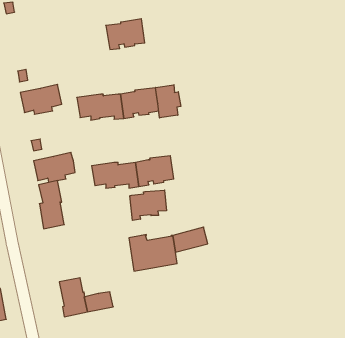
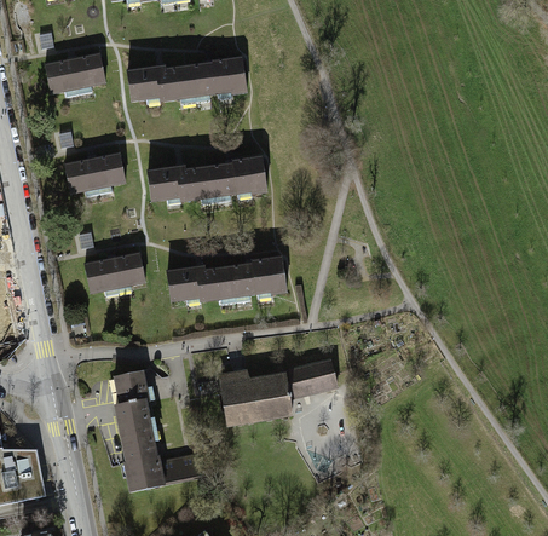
building: none -> [44,52,105,96]
building: none -> [126,65,195,103]
building: [156,85,181,118] -> none
building: [39,181,64,229] -> [114,369,151,439]
building: [130,190,166,220] -> none

